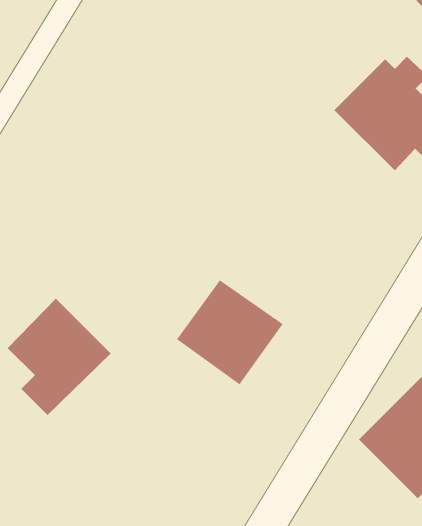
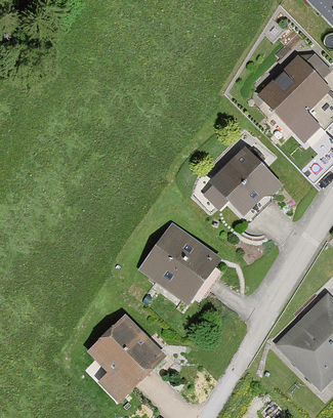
building: none -> [208,148,281,216]
building: [7,298,111,416] -> [87,312,166,402]

